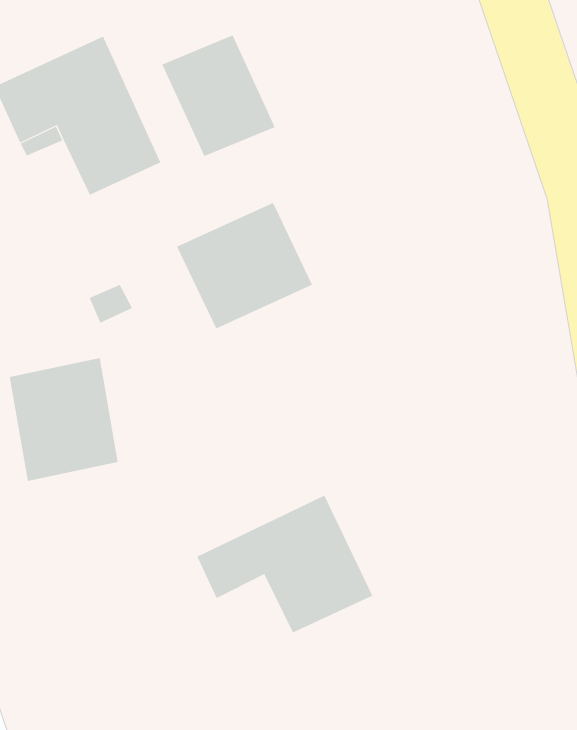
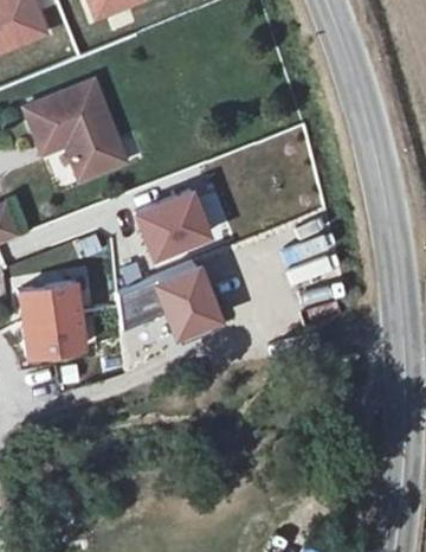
building: [161,35,276,157] -> none
building: [197,495,373,633] -> [117,262,226,347]

